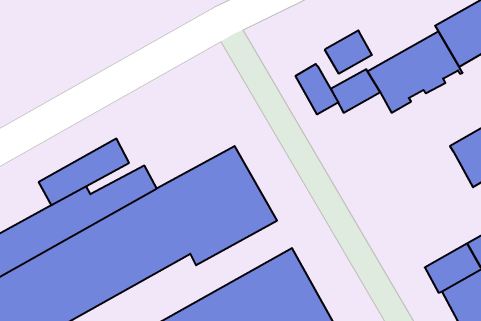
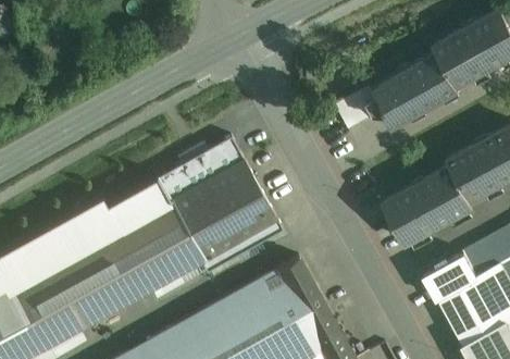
building: [325,30,372,74] -> none
building: [296,64,338,114] -> none
building: [39,139,129,205] -> [158,138,244,201]
building: none -> [384,166,473,243]

